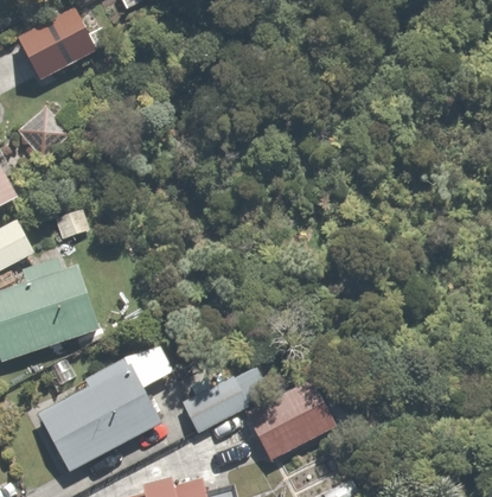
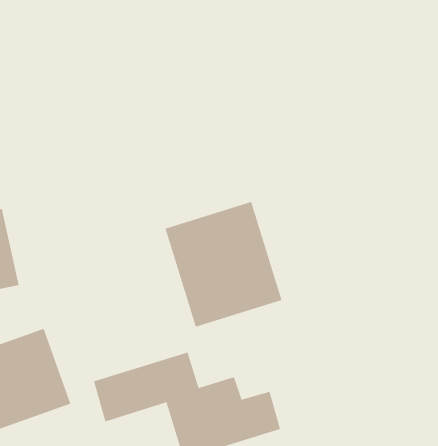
building: none -> [165,201,282,327]

